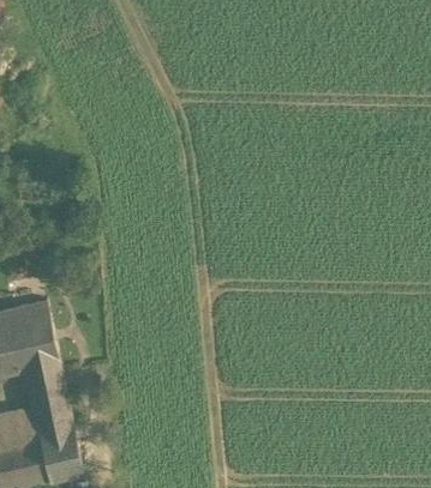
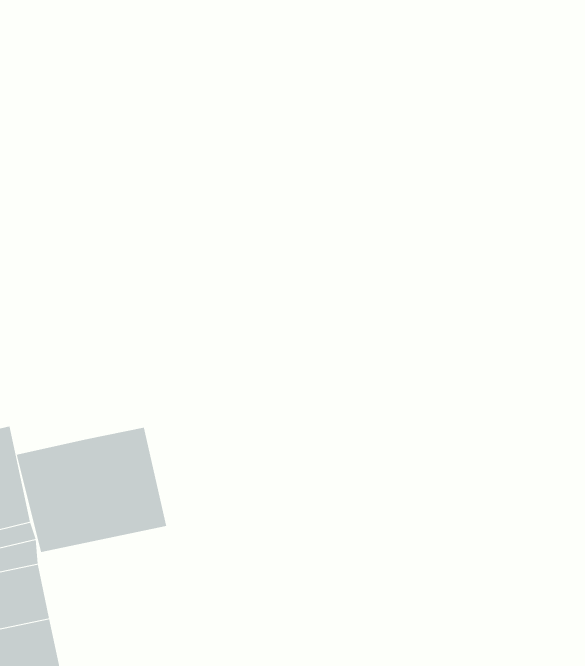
building: none -> [16,427,167,553]

